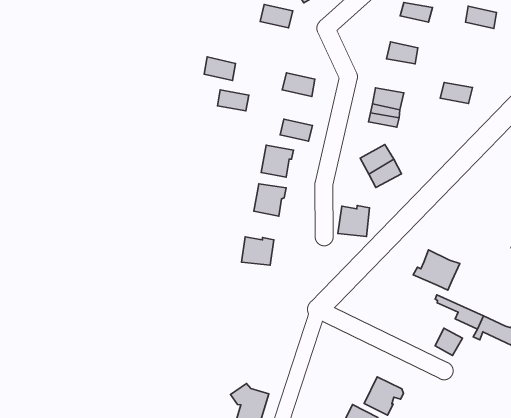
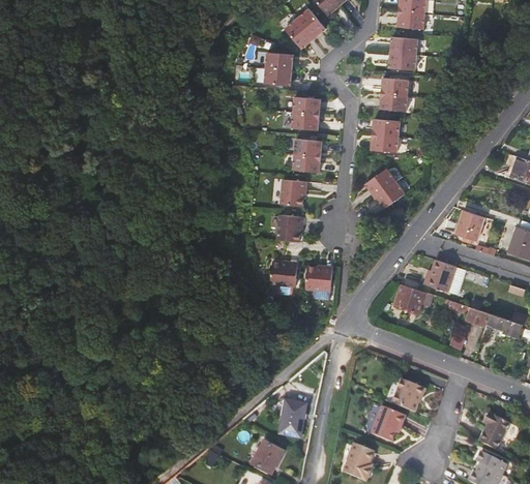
building: [465,6,497,29] -> [388,53,415,70]
building: [204,57,236,80] -> [264,70,291,89]
building: none -> [293,99,321,117]
building: [440,82,473,103] -> [379,92,407,109]
building: [217,90,249,111] -> [295,140,322,156]
building: none -> [457,210,484,240]
building: [338,205,370,237] -> [306,265,332,292]
building: none -> [396,283,430,310]

